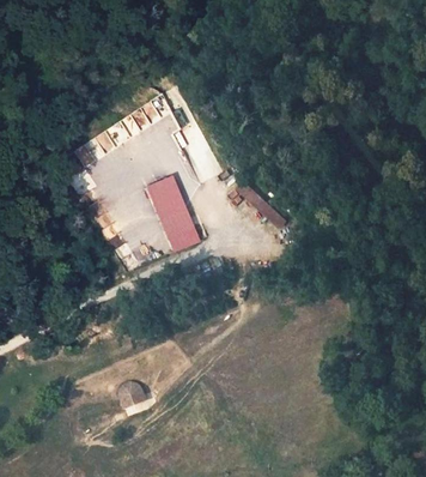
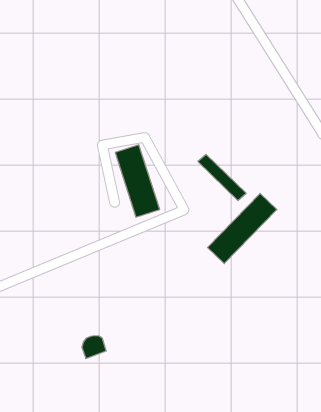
building: none -> [208,193,277,264]

